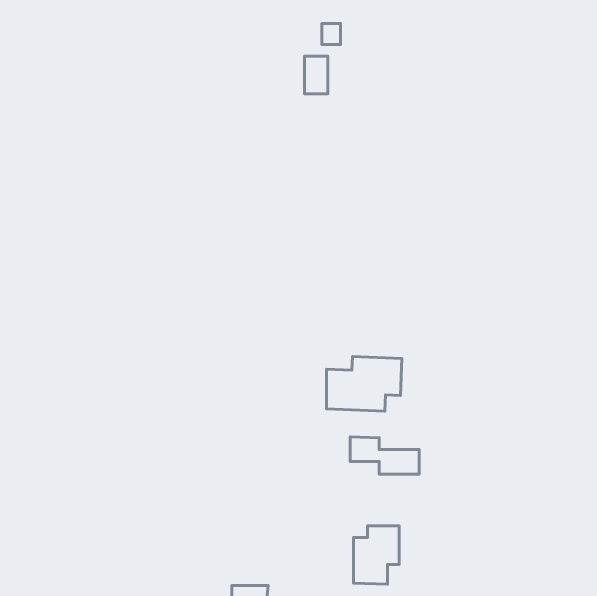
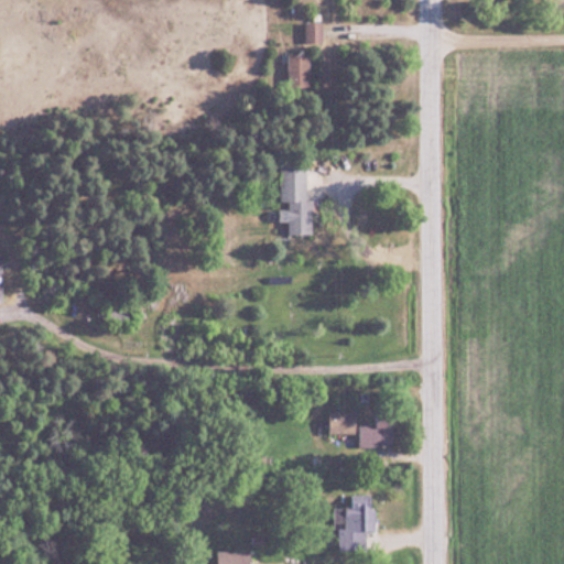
building: none -> [280,167,314,236]
building: [326,356,402,411] -> none

